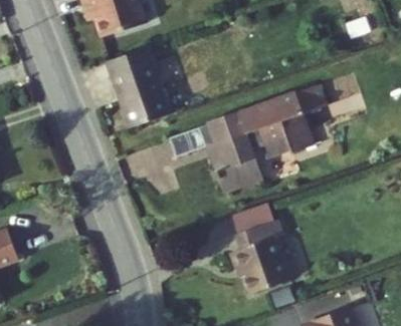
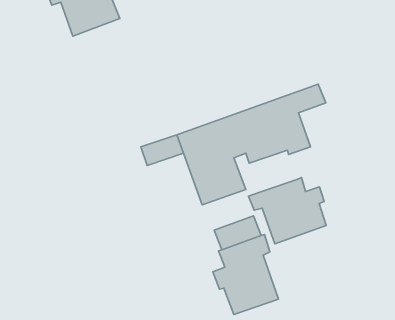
building: [106,47,171,129] -> none
building: none -> [248,178,326,244]

